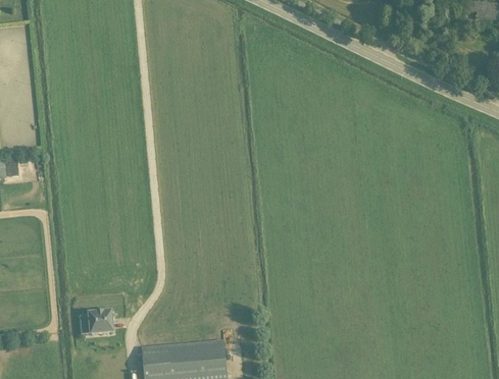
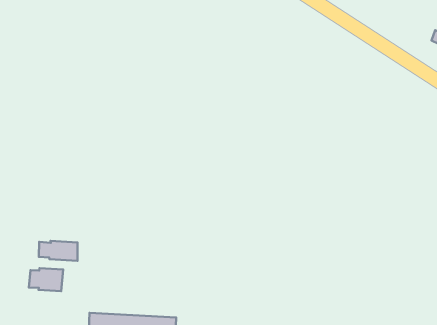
building: none -> [39,241,78,261]

